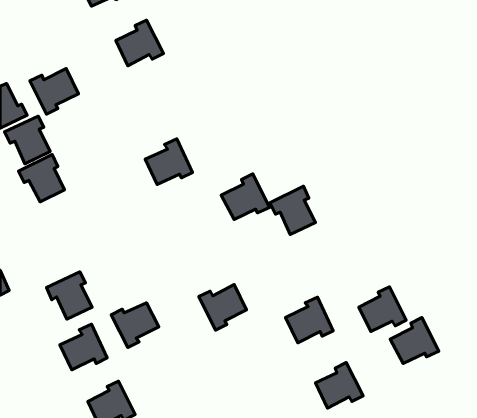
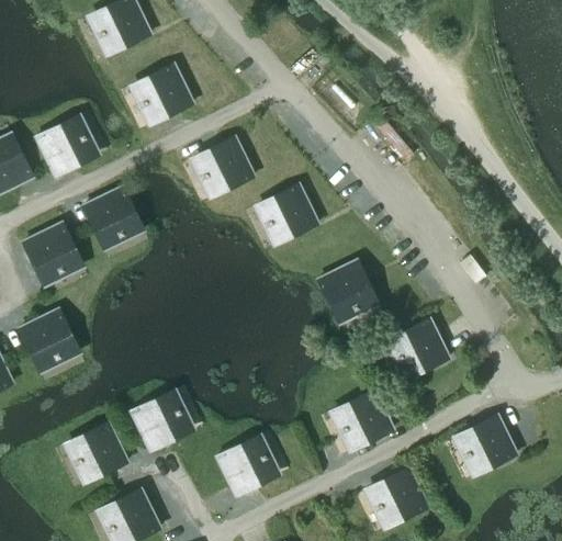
building: [4,116,50,164] -> [82,188,136,244]
building: [145,139,193,184] -> [196,137,252,191]
building: [221,174,270,219] -> [260,184,317,238]
building: [46,272,92,319] -> [19,309,72,365]
building: [199,284,246,330] -> [216,441,272,495]
building: [359,287,406,331] -> [392,319,448,372]

